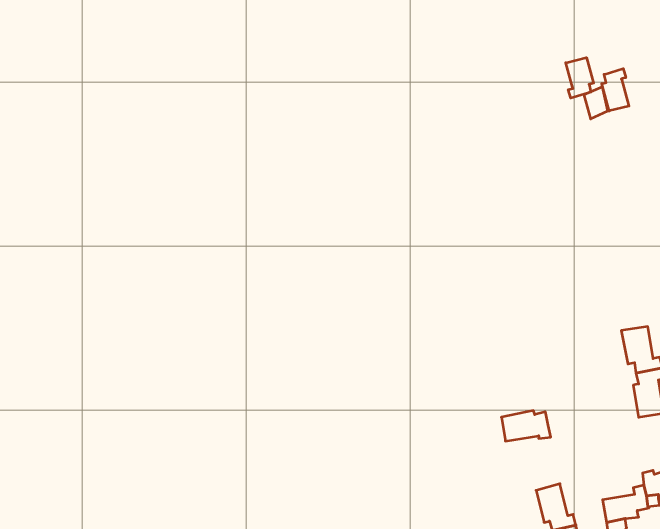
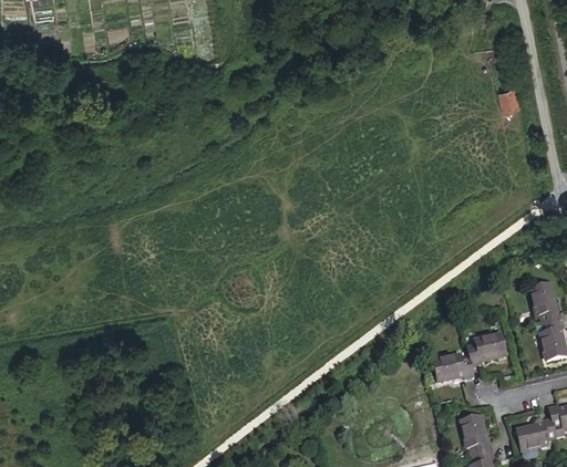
building: [566,58,594,98] -> none
building: [602,69,629,111] -> none
building: none -> [466,334,505,367]

